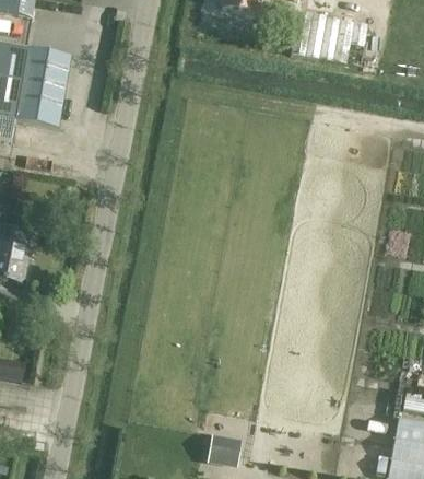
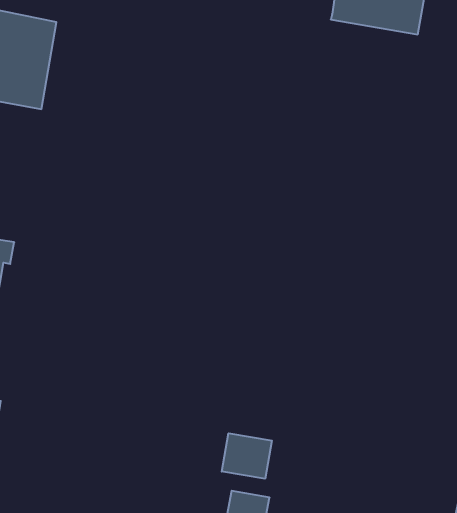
building: none -> [222,433,272,479]

